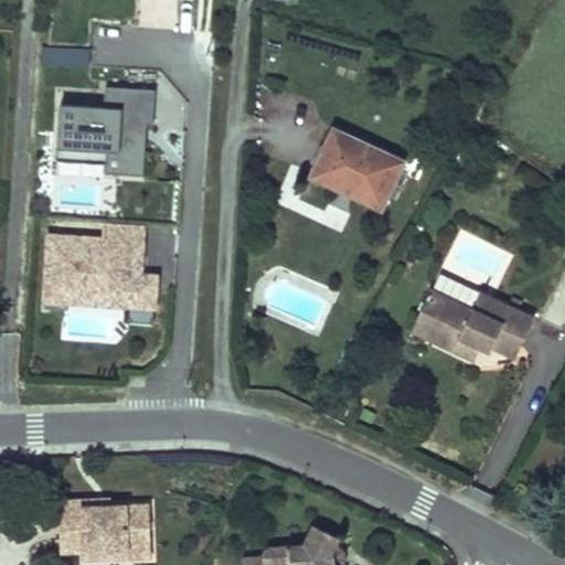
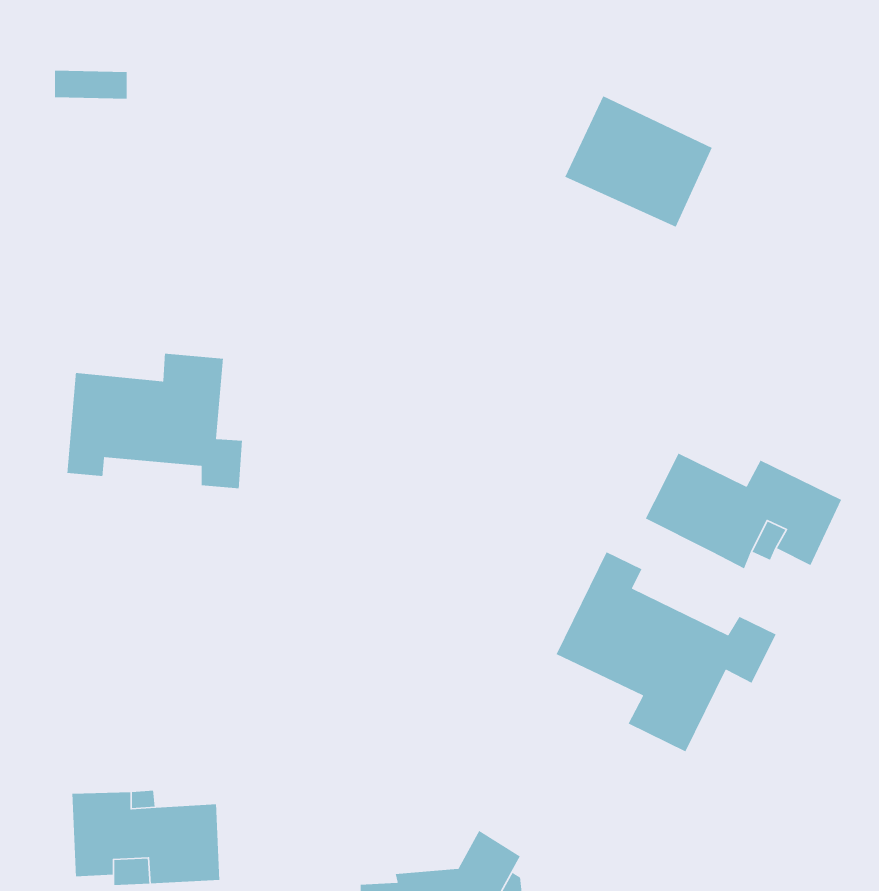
building: [54,87,157,179] -> none
building: [316,128,409,212] -> [564,95,713,228]
building: none -> [555,551,777,753]

